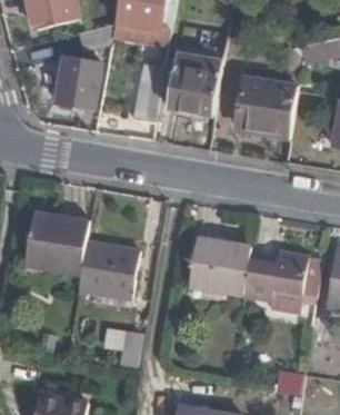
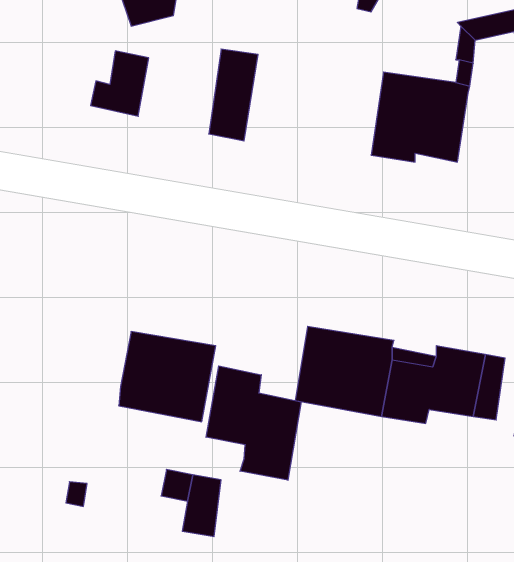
building: [167,53,223,115] -> none
building: [24,210,88,276] -> none
building: none -> [206,366,301,480]

